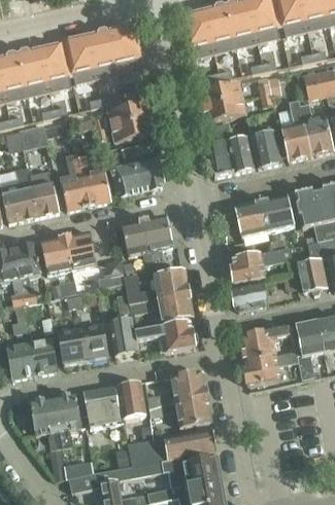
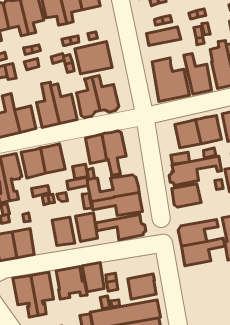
building: [202,98,245,122] -> none
building: [58,327,86,363] -> none
building: [170,370,207,401] -> none

